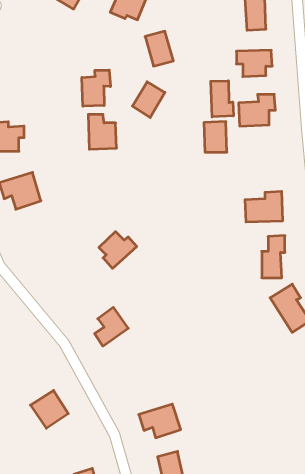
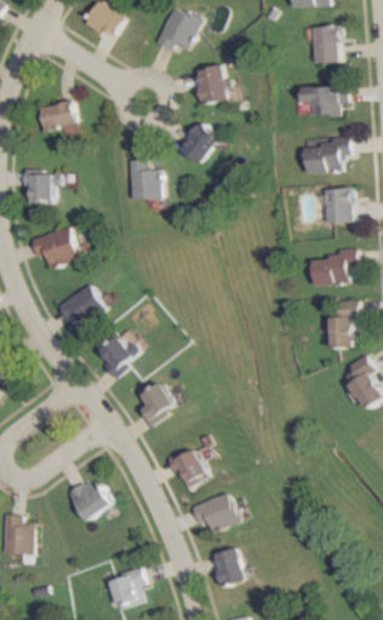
building: none -> [40,103,76,134]
building: [82,70,110,106] -> none
building: [211,81,233,117] -> none
building: [204,122,227,152] -> [325,188,351,223]
building: none -> [56,285,103,327]
building: [99,232,137,268] -> [98,335,142,378]
building: none -> [172,450,210,488]

